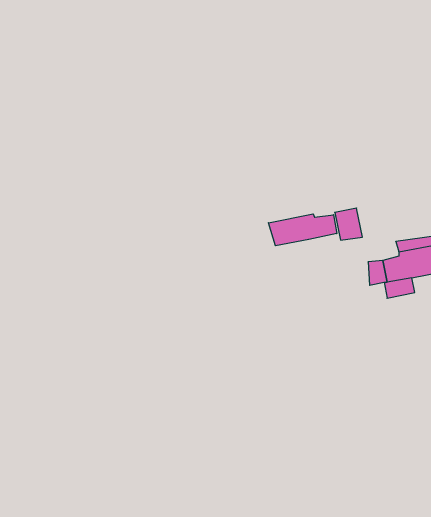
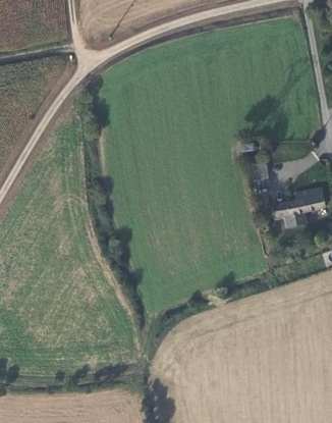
building: [268,214,337,246] -> none

